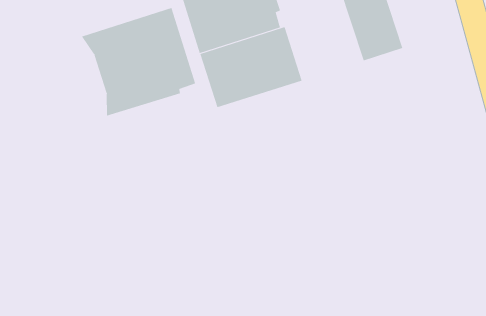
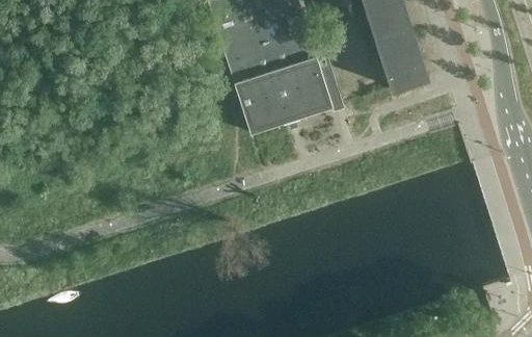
building: [81,7,196,117] -> none

